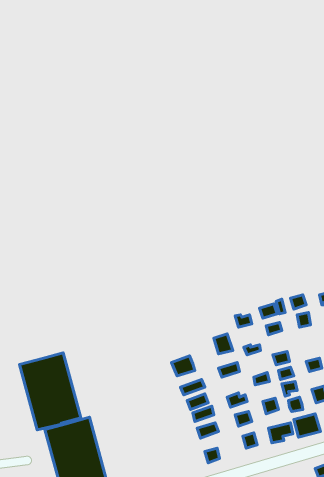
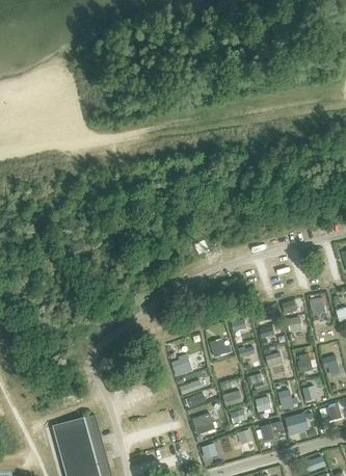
building: [20,353,81,430] -> none

